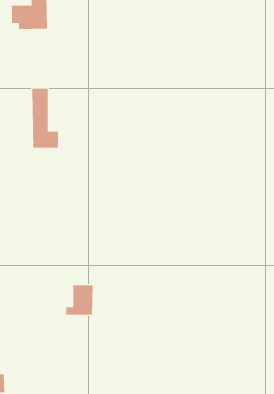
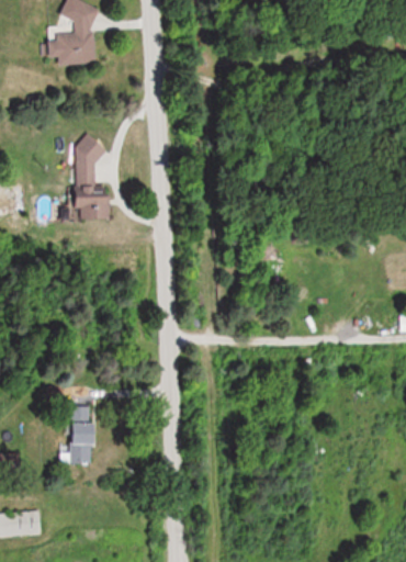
building: [66,285,94,315] -> [59,423,95,462]

